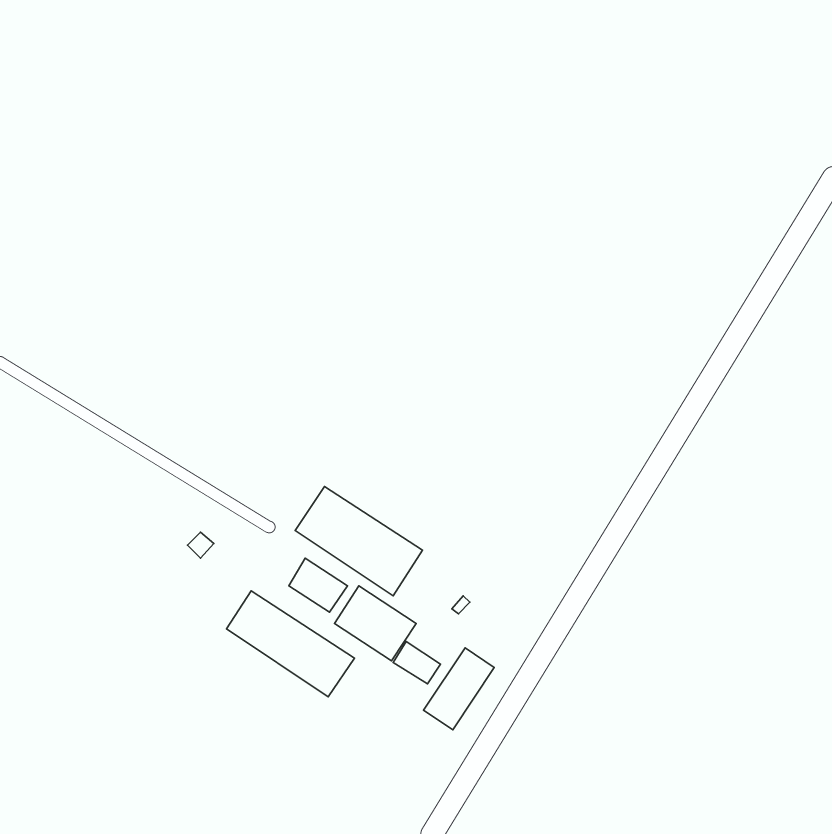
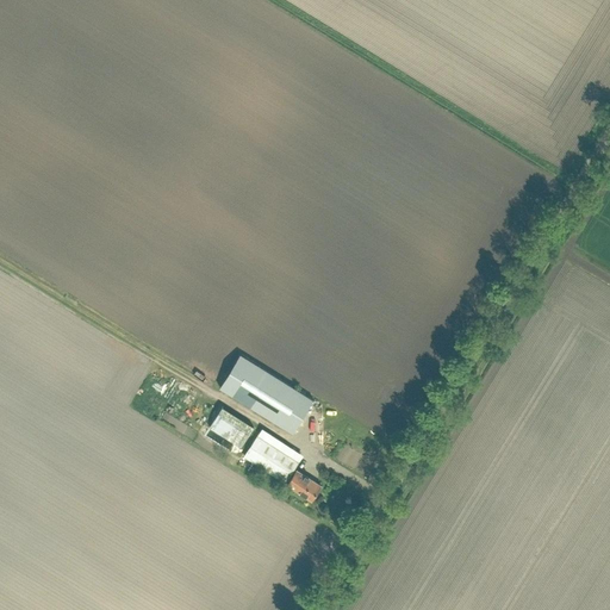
building: [226,591,354,697] -> none
building: [424,648,494,730] -> none

